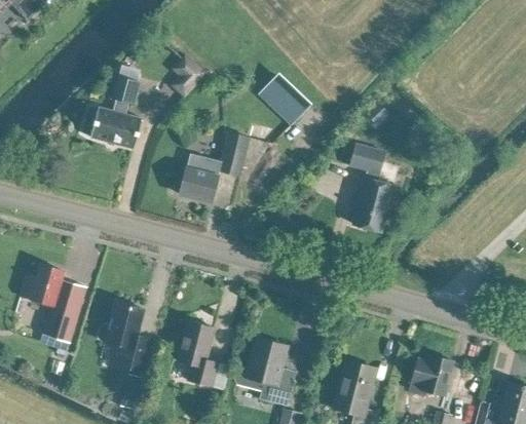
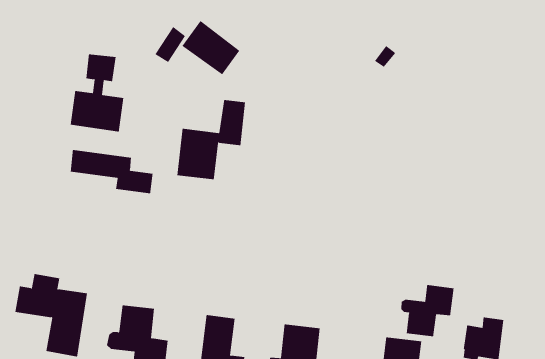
building: [258,74,309,125] -> [181,20,240,75]
building: [350,144,397,231] -> none
building: none -> [70,149,153,194]
building: none -> [401,284,454,337]

